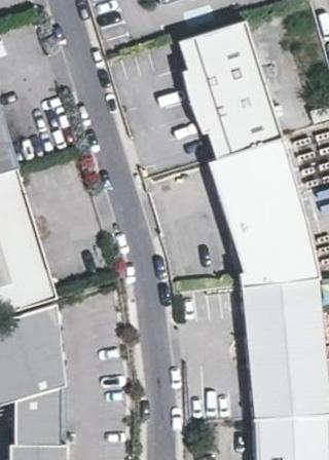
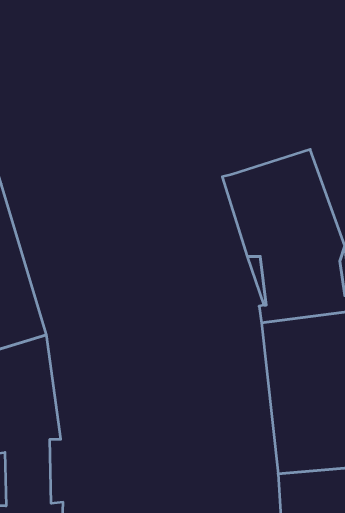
building: [178,18,283,159] -> none

